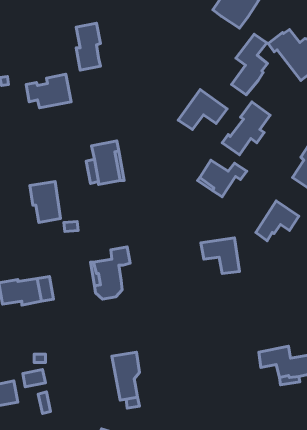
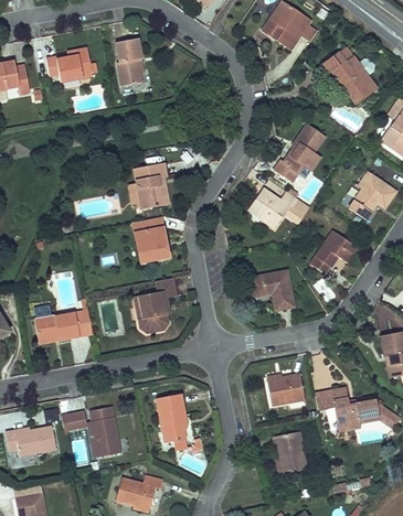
building: [232,34,268,95] -> none
building: [26,74,71,108] -> [45,49,94,85]
building: [178,89,227,130] -> none
building: [30,182,60,222] -> [132,219,166,264]
building: none -> [267,373,305,405]
building: none -> [88,407,121,458]
building: none -> [272,429,305,472]

